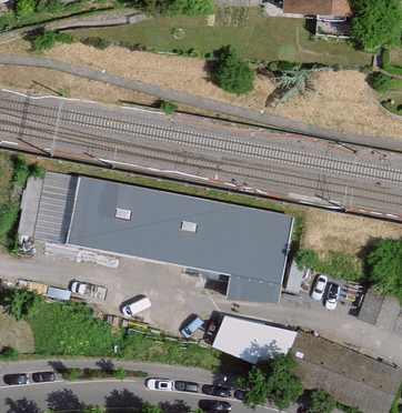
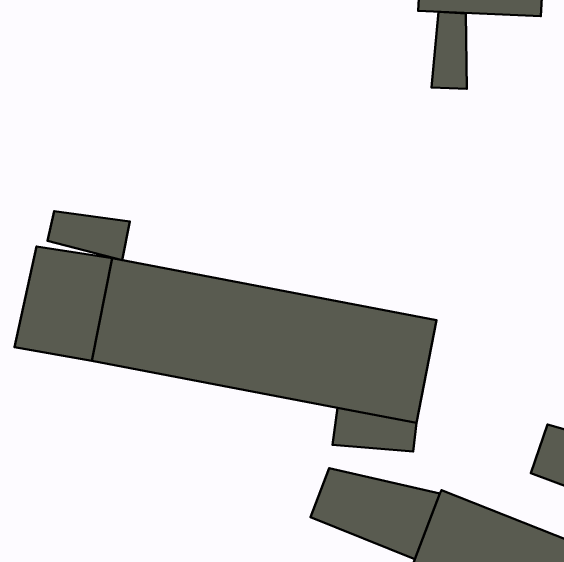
building: none -> [431,12,467,89]
building: none -> [48,211,130,260]

